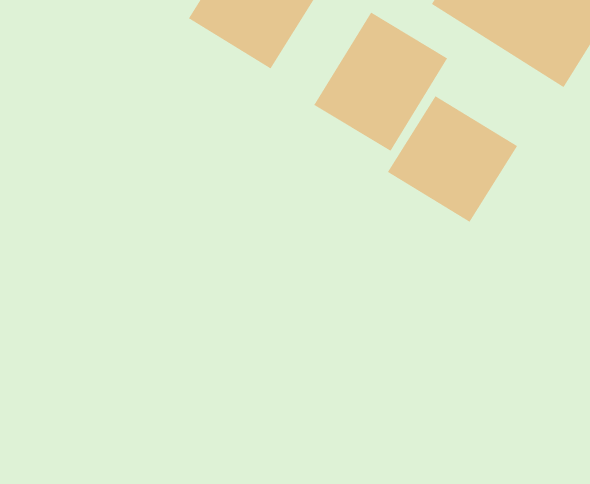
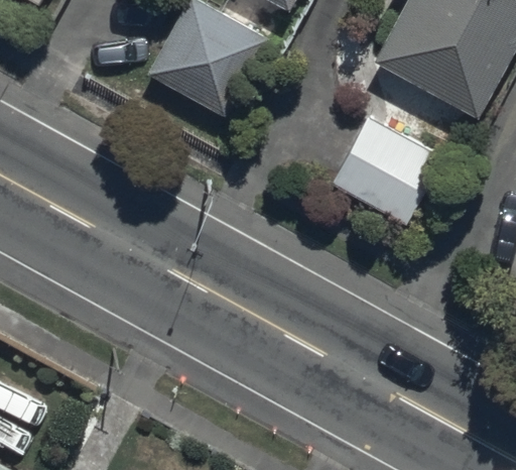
building: [313,12,448,152] -> none

